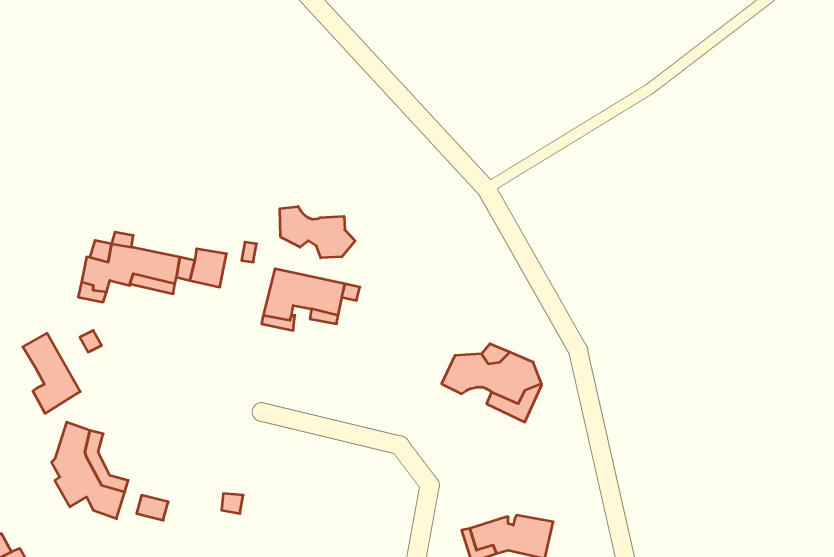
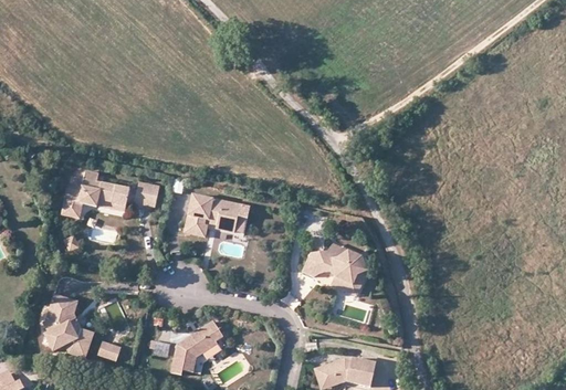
building: [280,206,355,258] -> none
building: [23,333,80,413] -> none
building: none -> [170,323,223,375]

